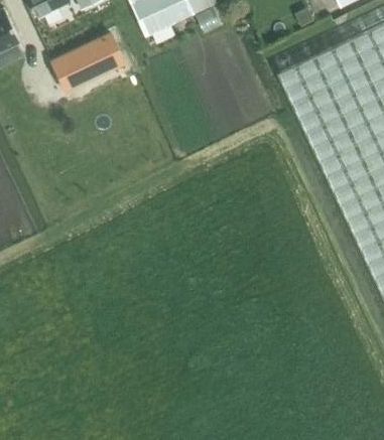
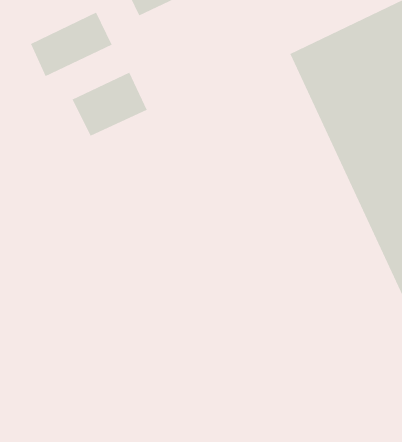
building: none -> [72,72,148,136]

